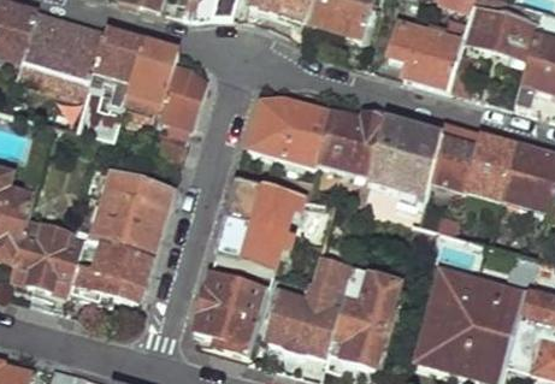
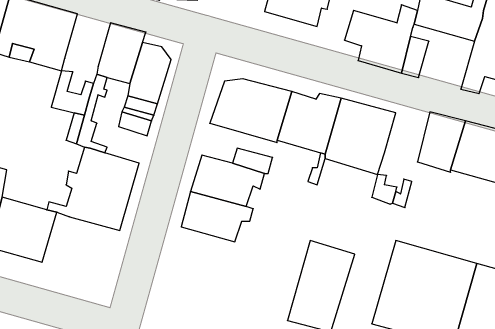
building: [94,30,142,85] -> none
building: [431,123,479,187] -> none
building: [70,244,152,300] -> none
building: [264,256,353,354] -> none
building: [194,272,267,354] -> none

